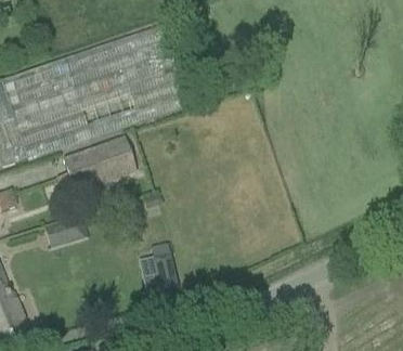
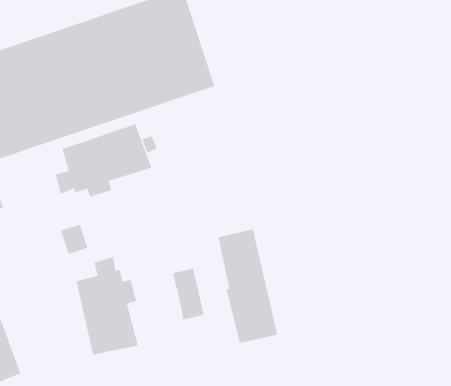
building: none -> [218,229,278,344]
building: none -> [76,256,138,356]

